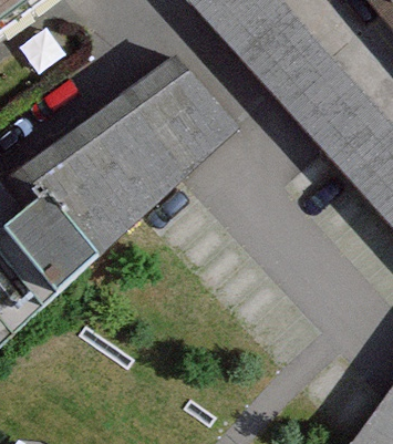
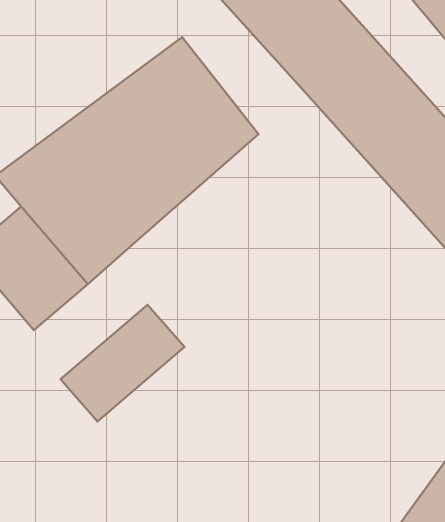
building: none -> [61,305,184,422]

